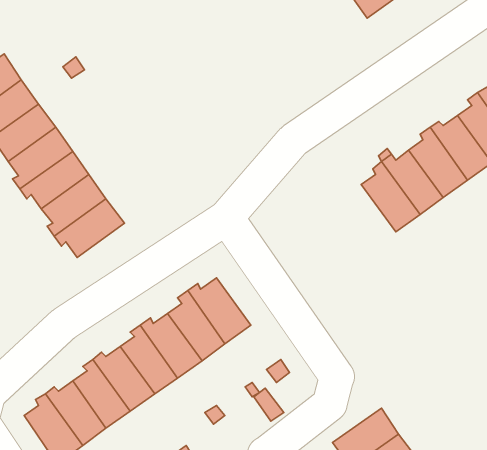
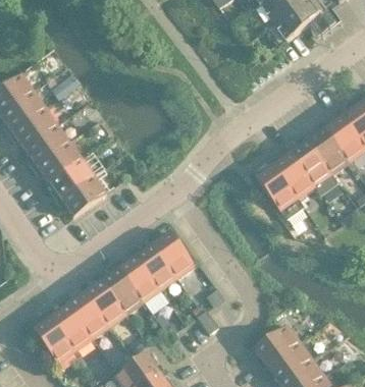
building: none -> [255,165,300,211]

